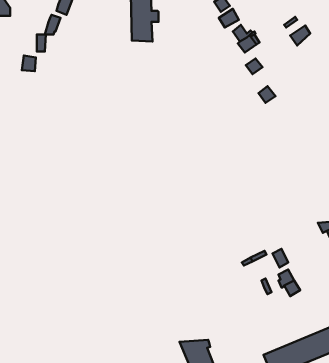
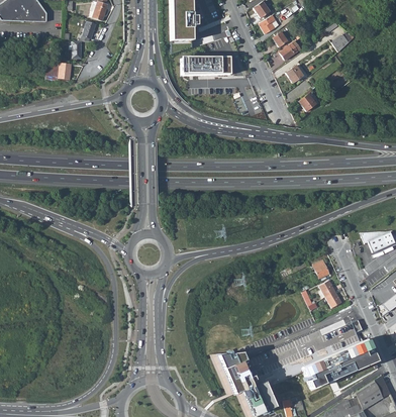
building: none -> [179,56,229,74]

